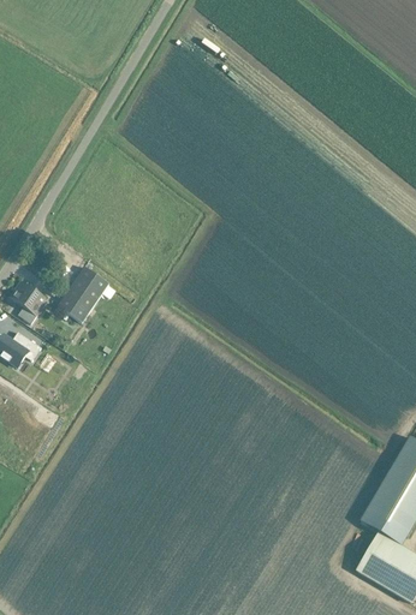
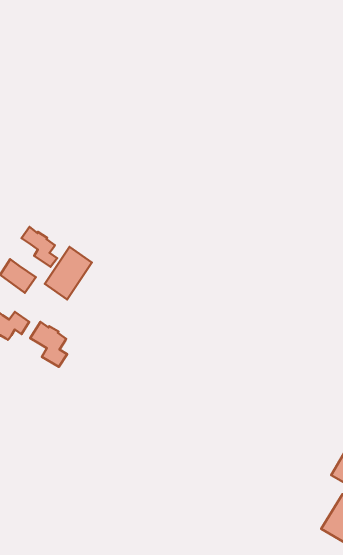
building: none -> [21,227,57,267]
building: none -> [30,322,67,367]

